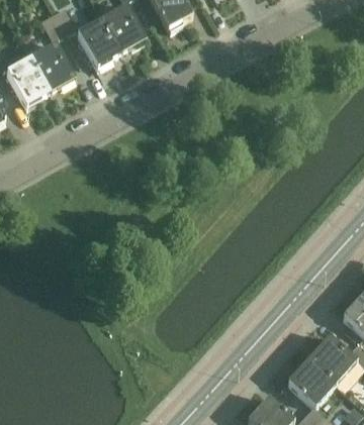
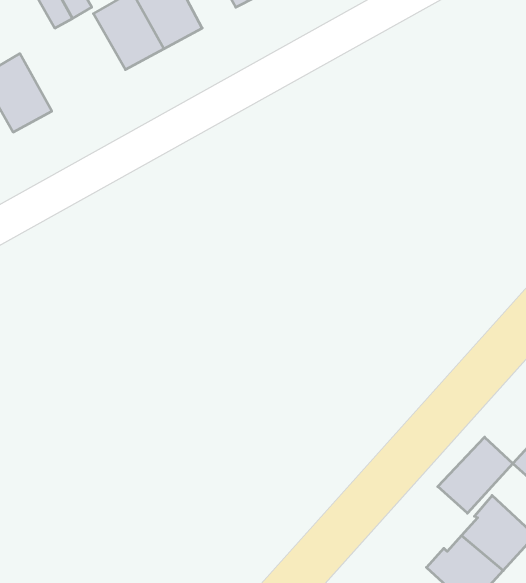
building: [30,44,75,94] -> none
building: none -> [438,437,513,513]

